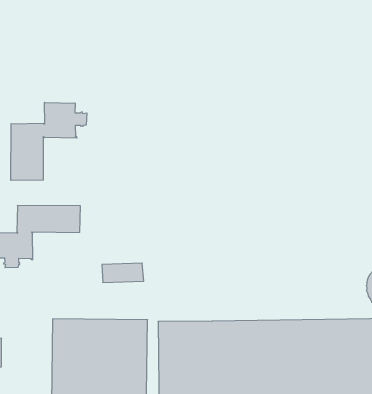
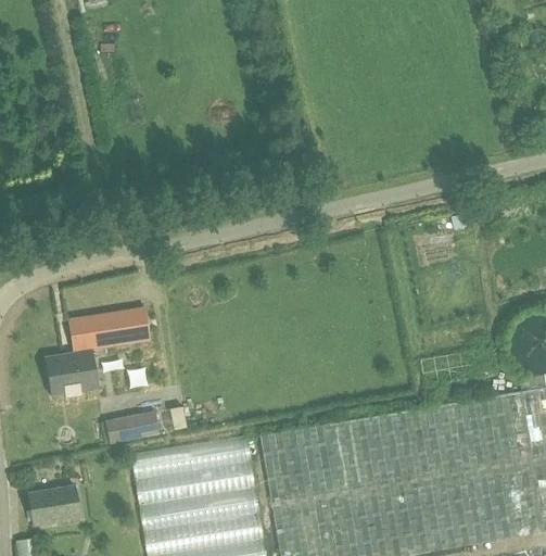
building: [11,102,87,180] -> none
building: [102,263,144,282] -> [105,414,160,445]

